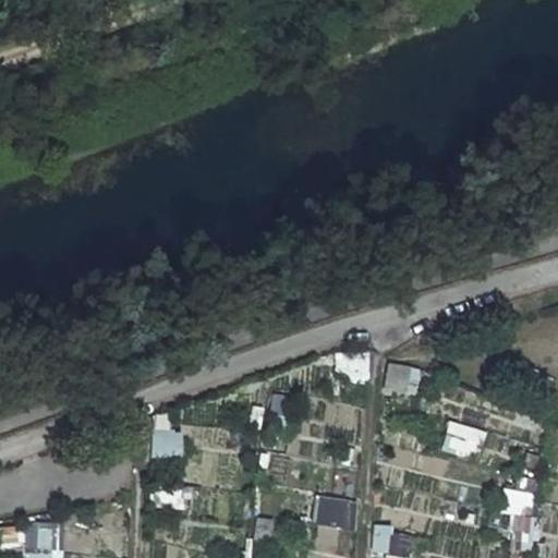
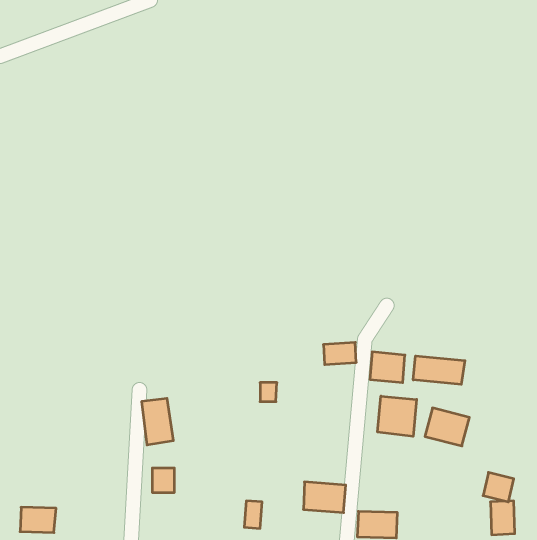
building: none -> [413,356,465,384]
building: none -> [378,396,417,436]

